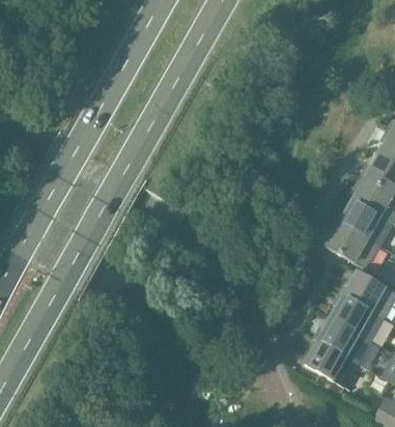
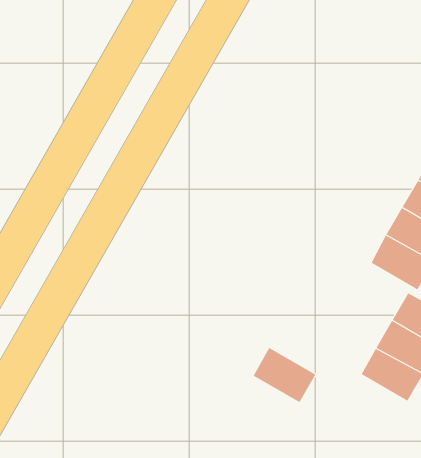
building: [304,340,357,387] -> [253,347,316,403]

